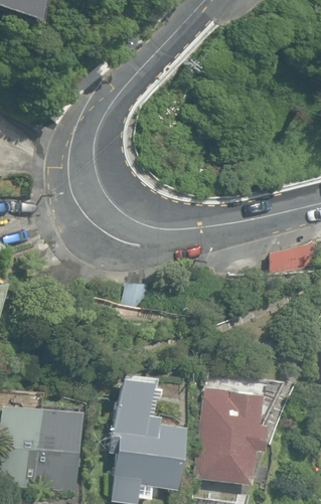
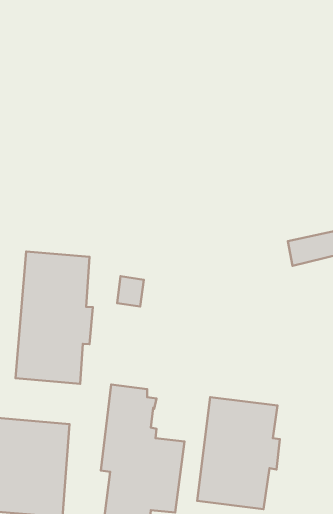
building: none -> [16,252,93,384]

